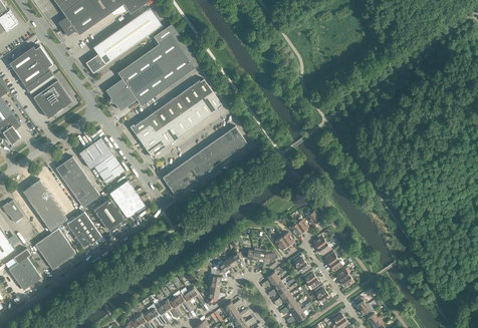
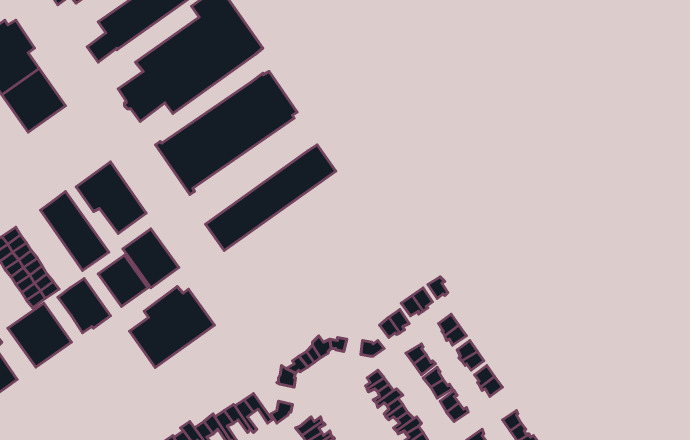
building: none -> [129,286,215,368]

